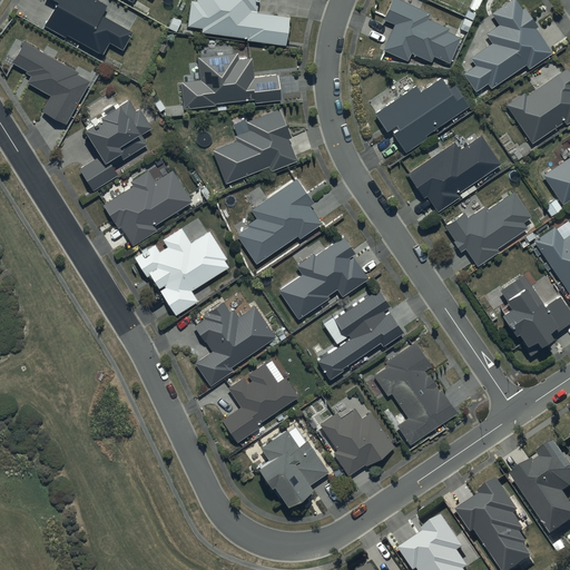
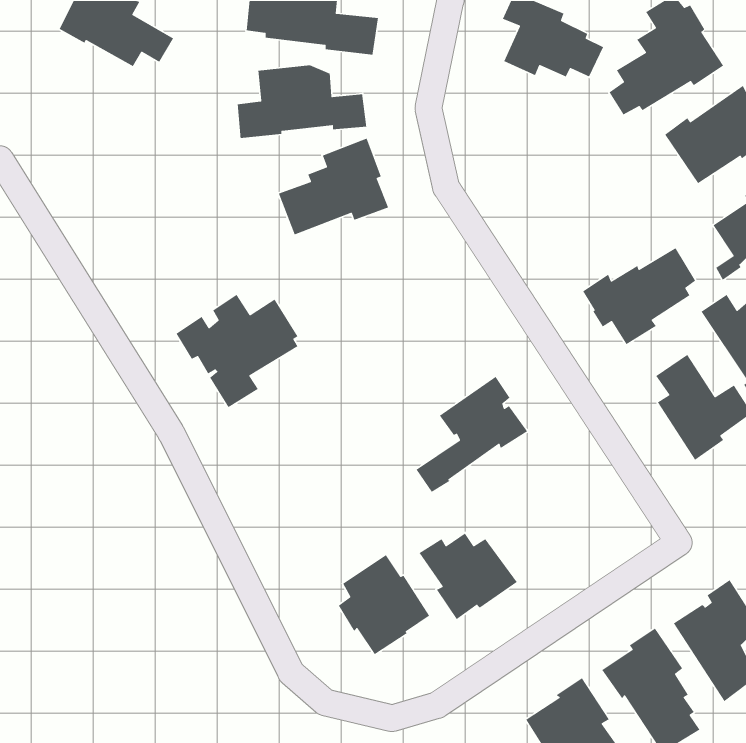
building: [12,42,90,125] -> none
building: [375,77,470,151] -> none
building: [80,100,153,190] -> none
building: [407,135,501,212] -> none
building: [104,170,193,245] -> none
building: [238,178,322,263] -> none
building: [279,237,368,318] -> none
building: [193,303,276,385] -> none
building: [374,342,458,444] -> none
building: [222,360,298,442] -> none

